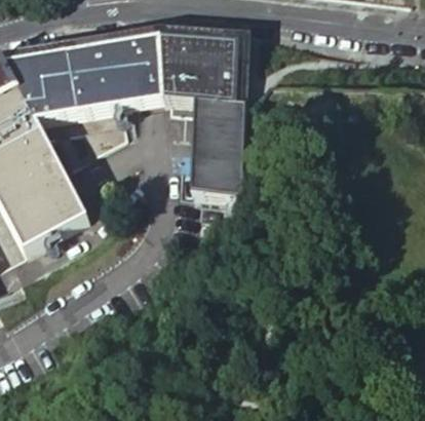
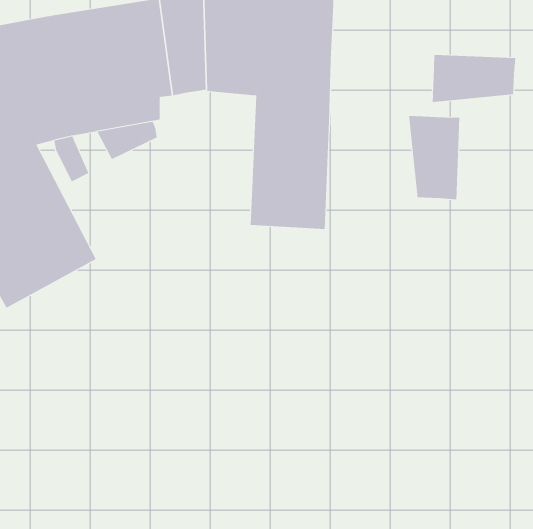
building: none -> [432,54,516,103]
building: none -> [408,115,460,200]

